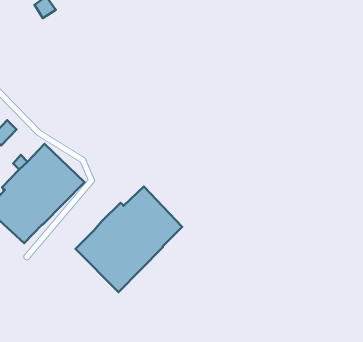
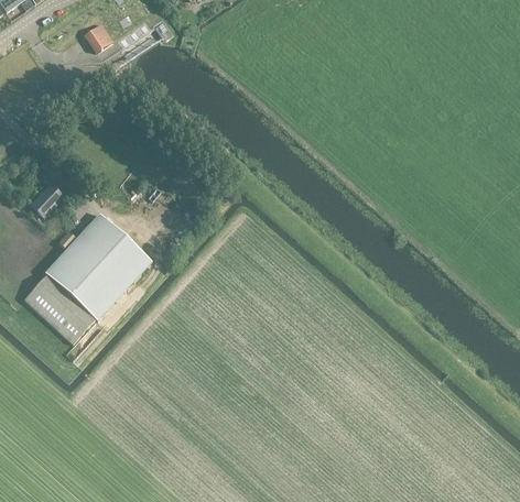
building: [75,186,182,292] -> none

